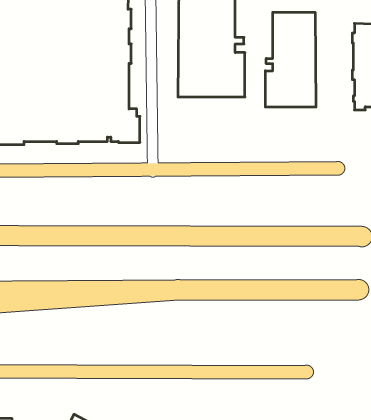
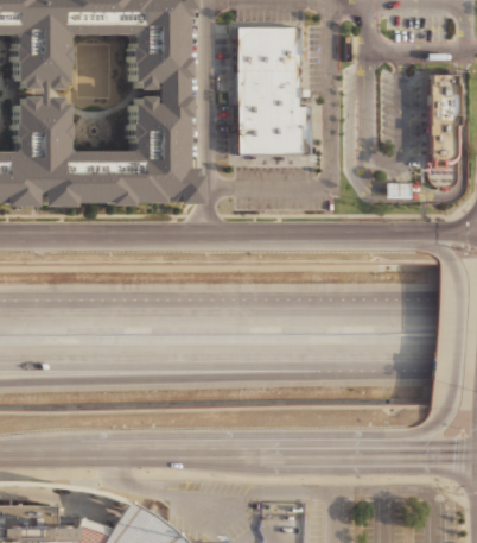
building: [265,12,316,107] -> none

